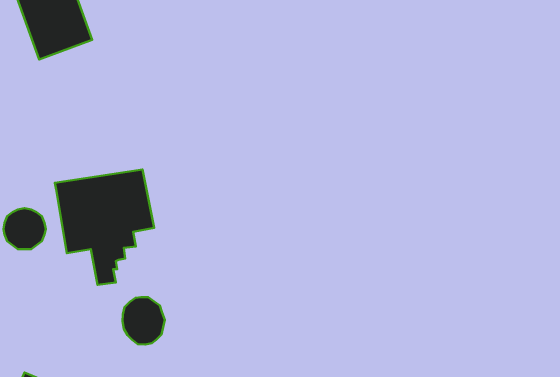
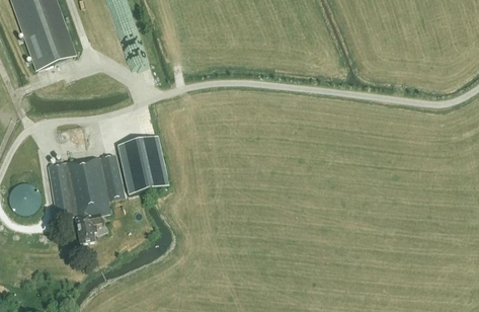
building: none -> [116,136,167,194]
building: [122,297,165,344] -> none

